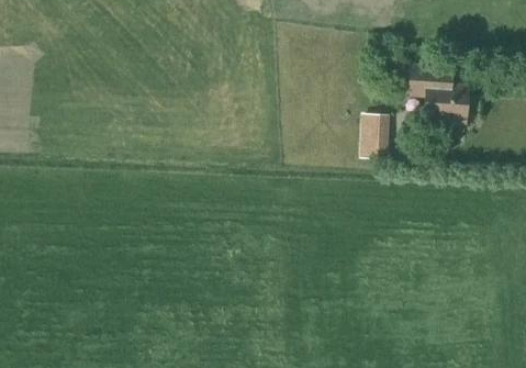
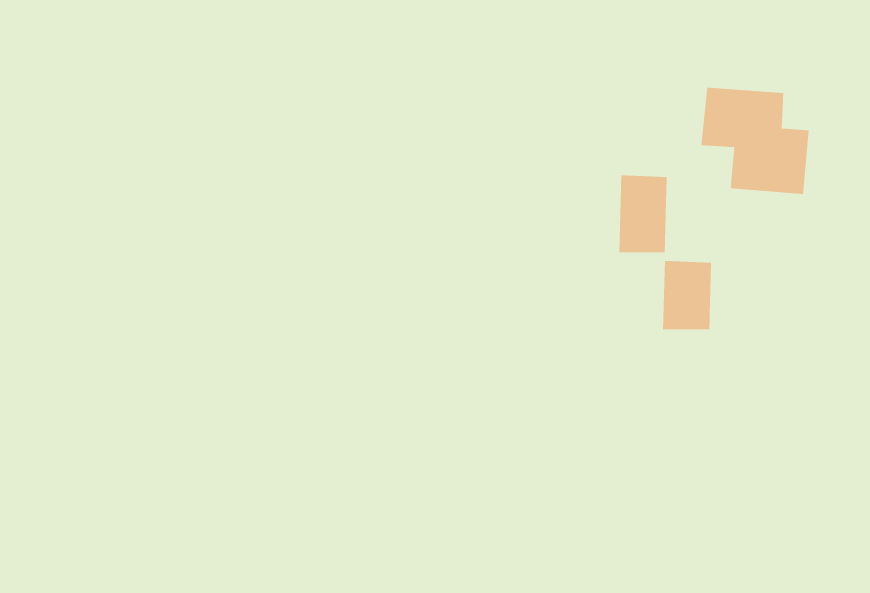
building: none -> [663,260,711,330]

